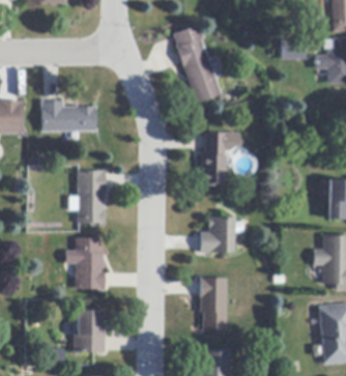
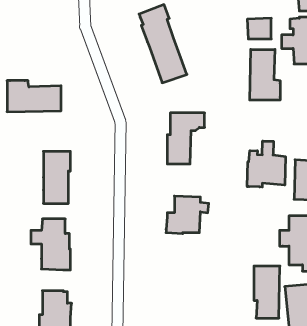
building: none -> [250,49,280,100]
building: none -> [247,141,285,187]
building: [201,278,227,329] -> [254,266,280,318]

